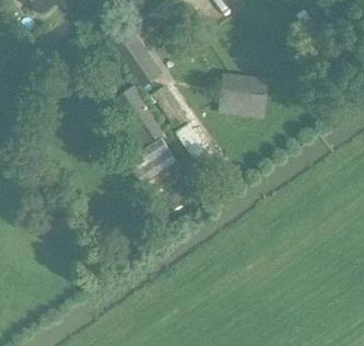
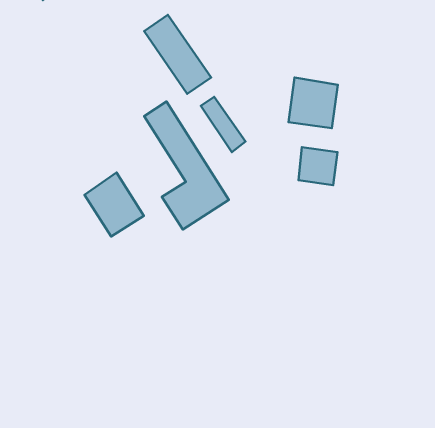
building: none -> [298,147,338,185]
building: none -> [85,172,144,237]

